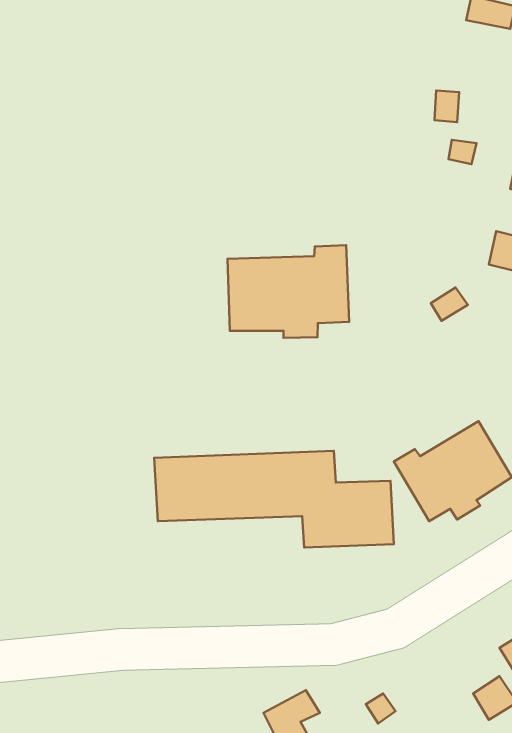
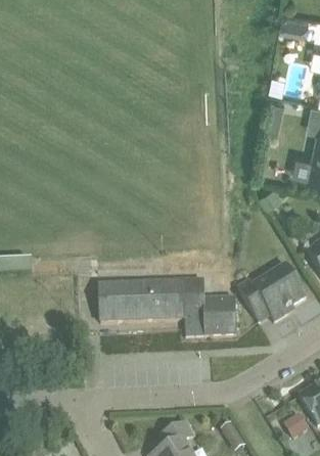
building: [227,245,349,338] -> none

